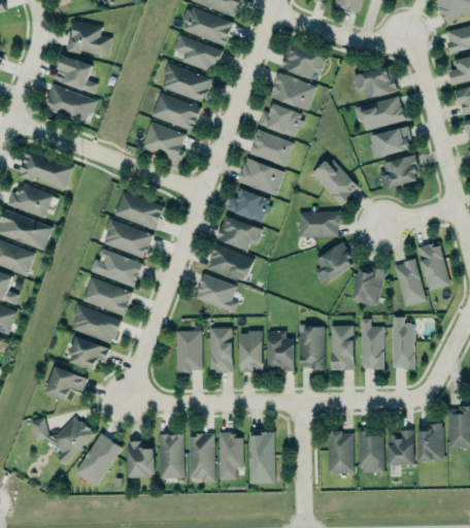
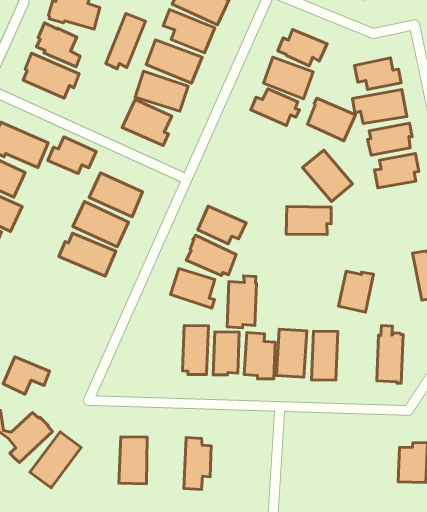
building: none -> [106,14,146,69]
building: [250,129,295,167] -> [307,98,356,141]
building: [238,158,284,195] -> none
building: none -> [48,137,96,174]
building: [228,189,273,223] -> none
building: [315,242,357,285] -> none
building: [395,258,426,306] -> none
building: [82,276,132,317] -> none
building: [73,304,122,343] -> none
building: [361,318,383,369] -> none
building: [176,325,203,373] -> [227,276,256,328]
building: [69,336,111,370] -> none
building: [389,429,415,466] -> none
building: [359,431,384,472] -> none
building: [250,432,275,484] -> none
building: [328,432,354,473] -> none
building: [189,434,214,482] -> none
building: [128,441,155,476] -> none

